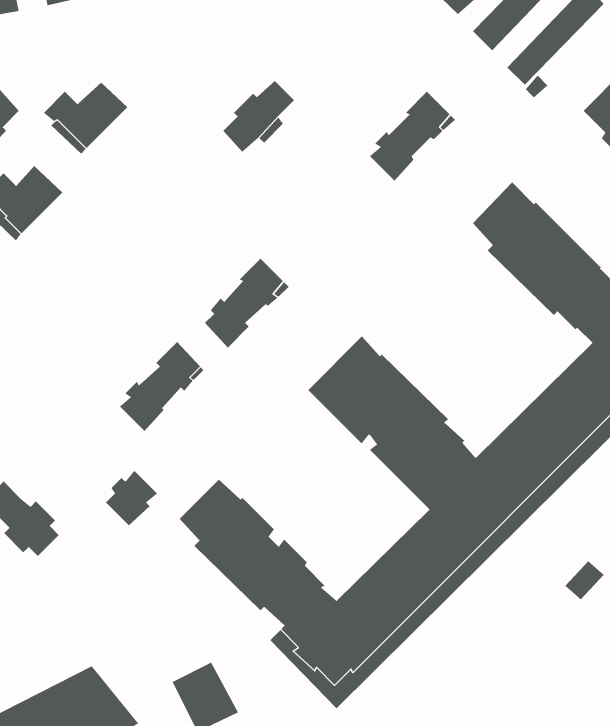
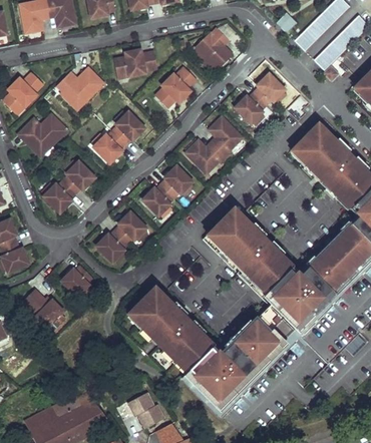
building: none -> [193,28,232,70]
building: none -> [113,51,157,75]
building: none -> [93,111,144,162]
building: none -> [186,116,242,172]
building: none -> [43,161,94,212]
building: [105,470,158,526] -> [64,265,93,296]

